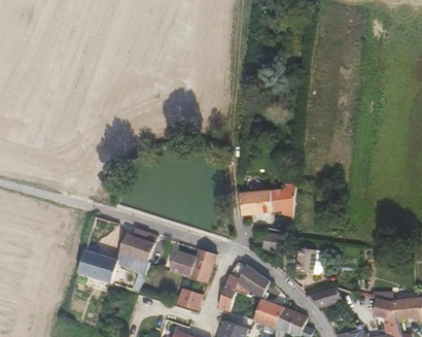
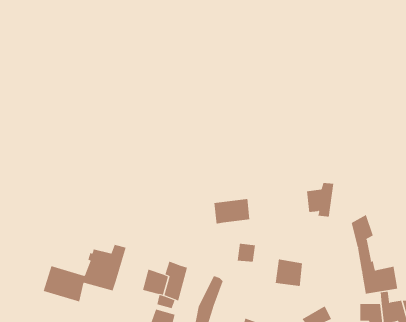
building: [268,186,293,217] -> [306,182,334,217]
building: none -> [351,214,398,295]
building: [237,270,270,301] -> none

